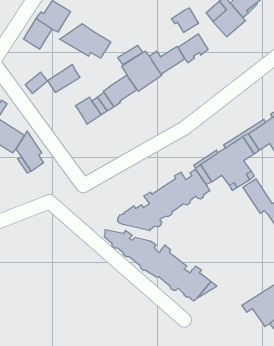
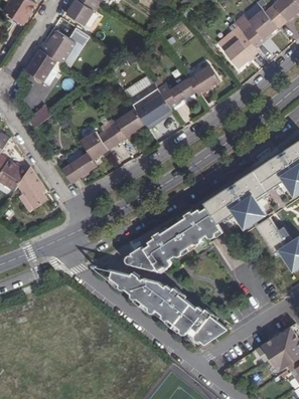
building: [171,8,199,32] -> none
building: [59,24,111,58] -> none
building: [47,65,80,92] -> [61,153,96,182]

